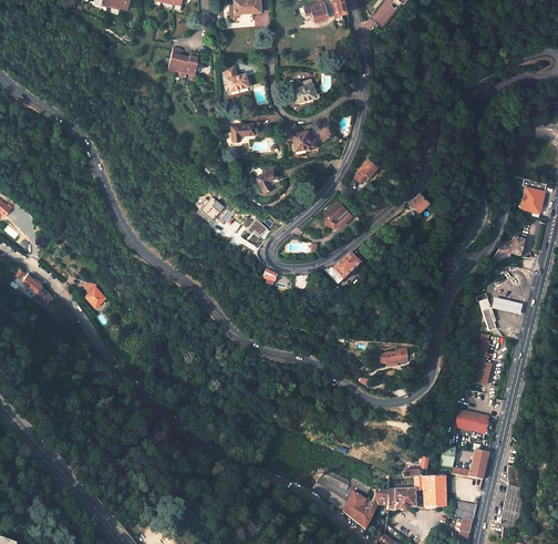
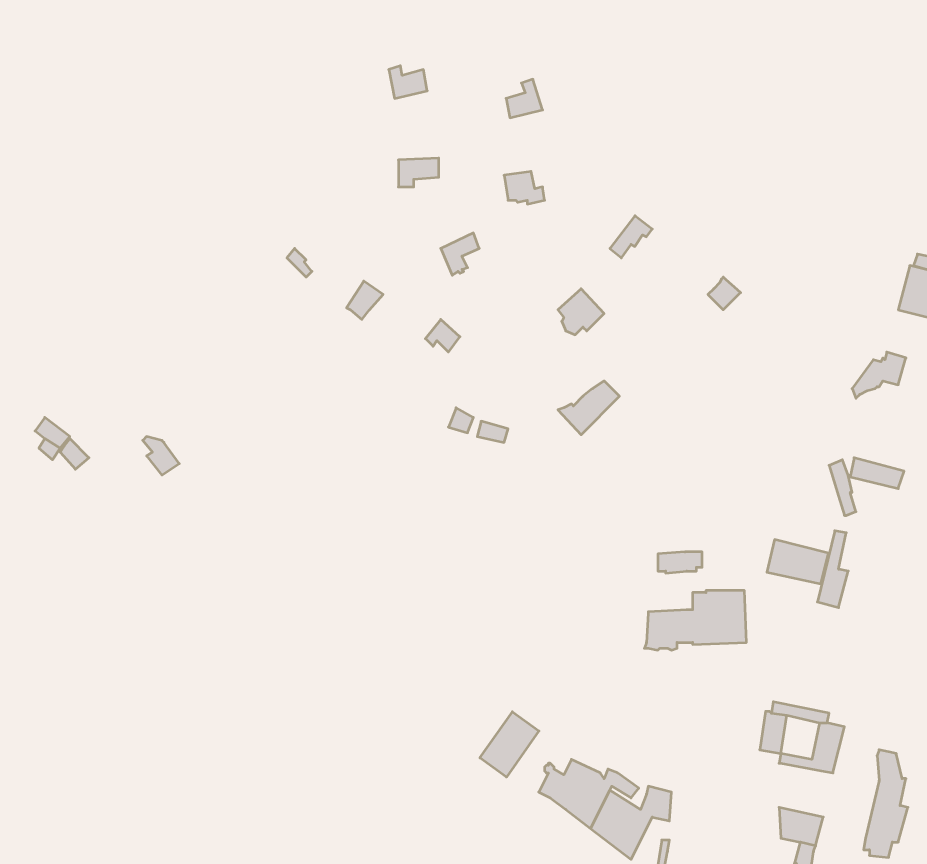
building: [166,47,198,81] -> none
building: [454,408,489,433] -> [767,540,828,584]
building: none -> [480,712,539,777]
building: [386,476,445,511] -> [644,591,746,650]

